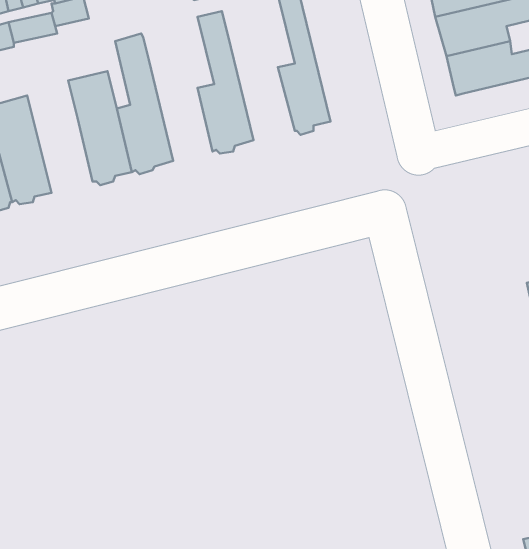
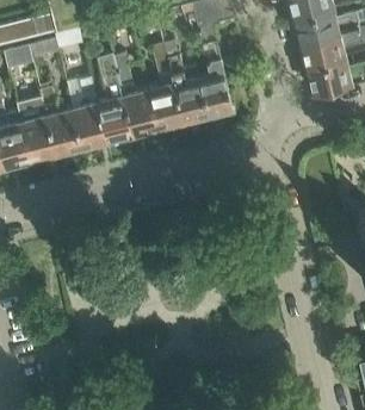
building: none -> [167,54,210,124]
building: none -> [113,56,157,137]
building: none -> [38,89,81,157]

